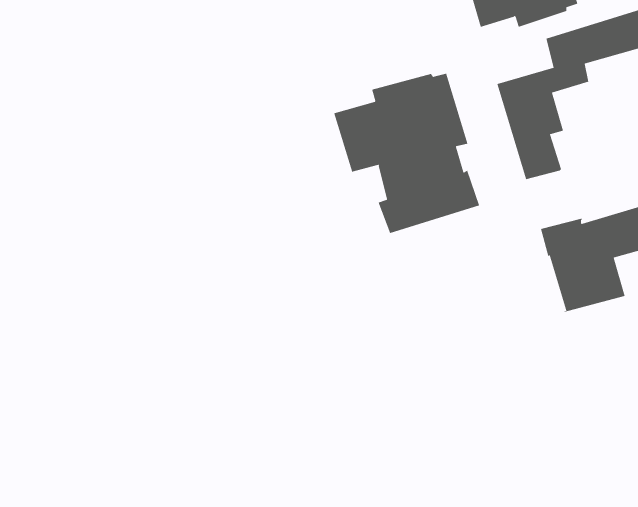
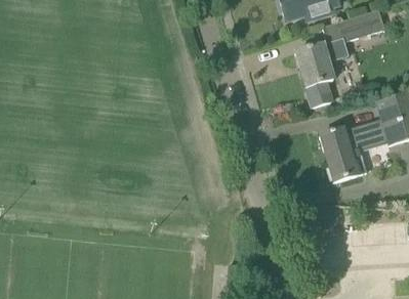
building: [333,73,480,234] -> none

